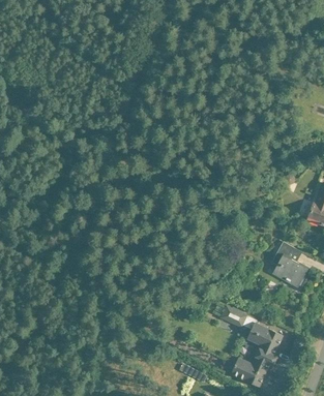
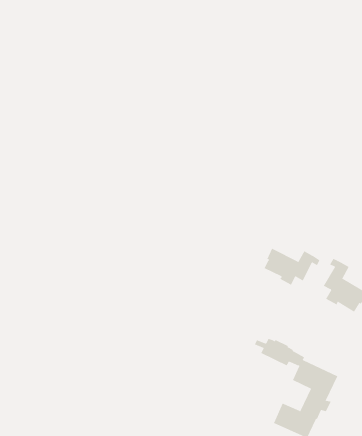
building: none -> [264,248,320,286]

